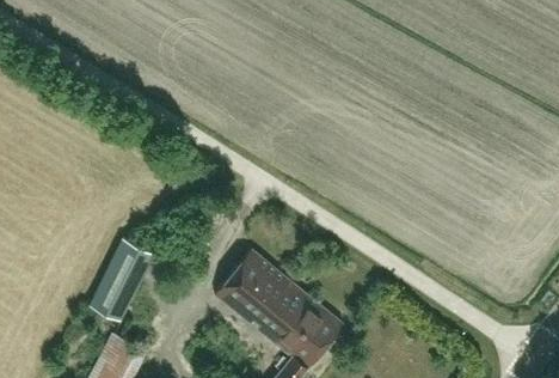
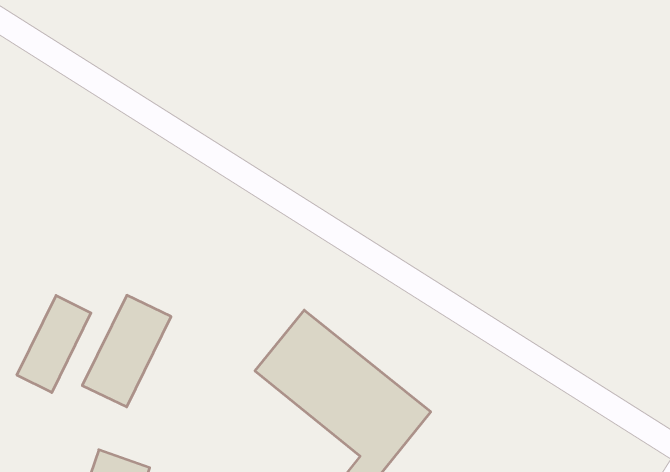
building: none -> [17,295,91,393]

